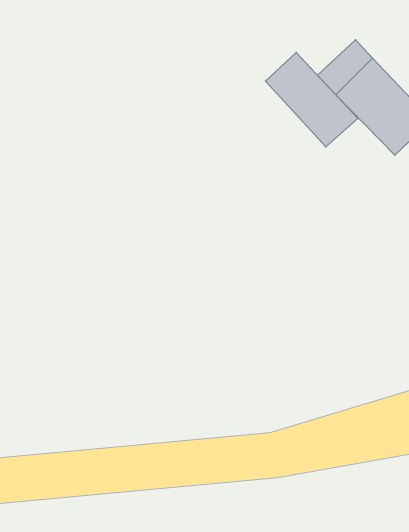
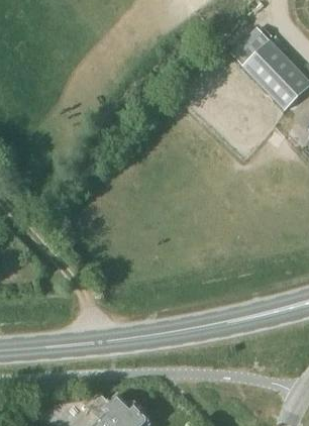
building: [265,52,358,147] -> none

